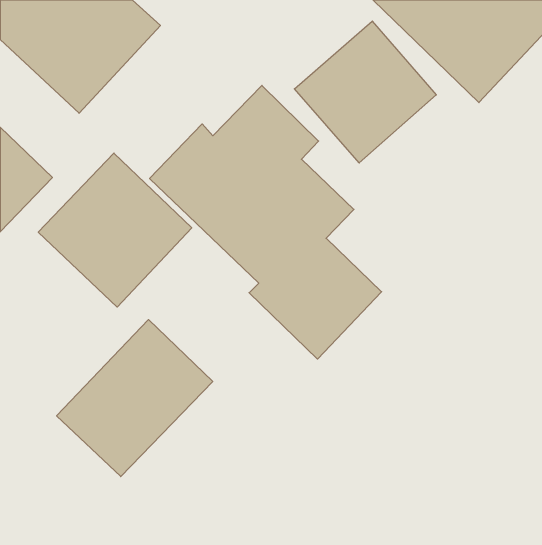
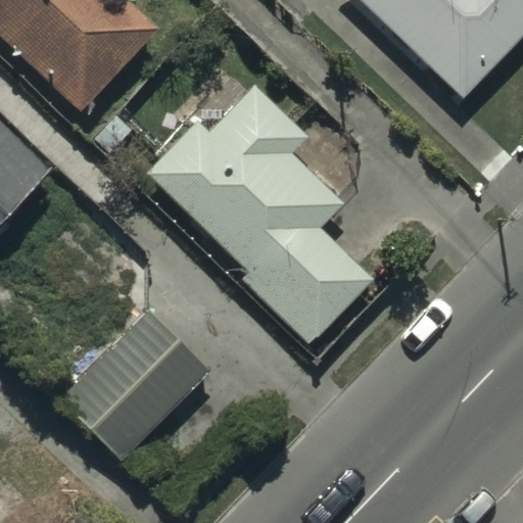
building: [294,21,436,163] -> none
building: [38,153,192,307] -> none

